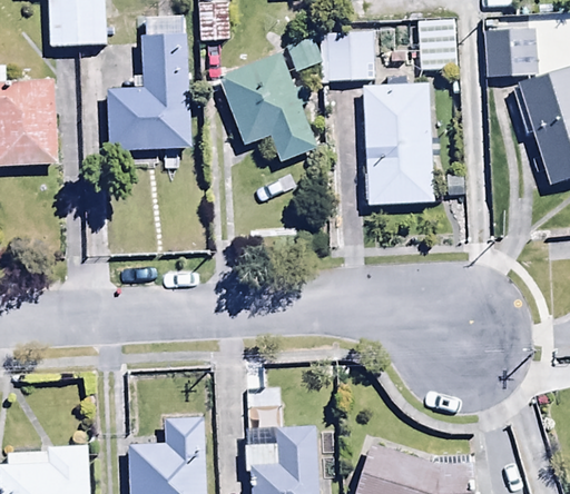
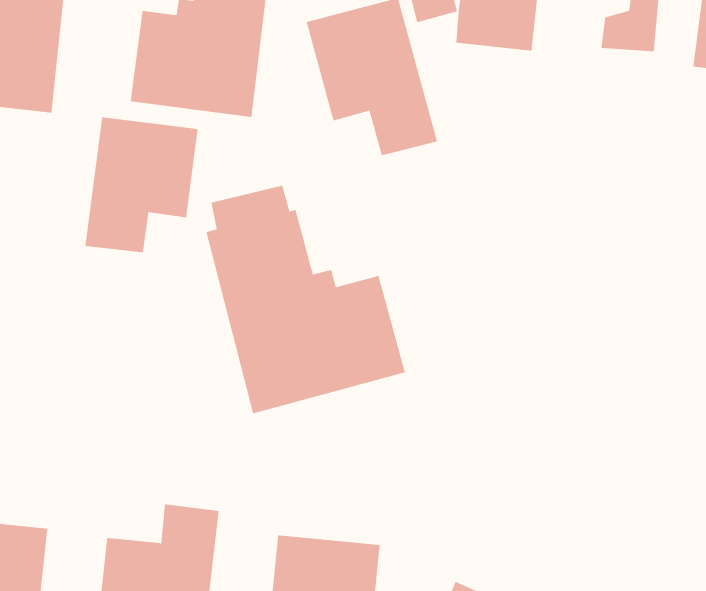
building: [363,85,434,206] -> none
building: none -> [85,117,198,253]
building: none -> [206,185,405,414]

